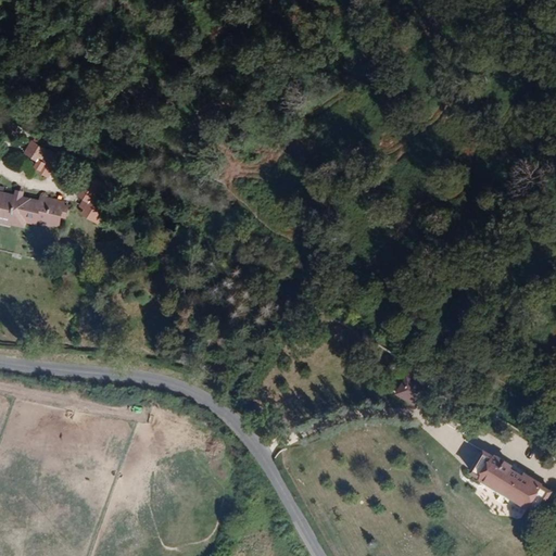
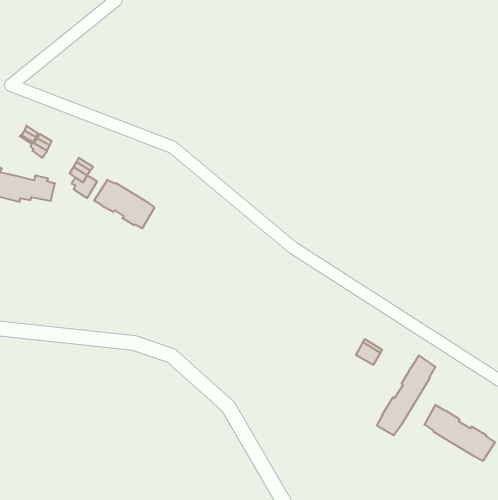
building: none -> [94,180,154,228]
building: none -> [377,355,435,435]

